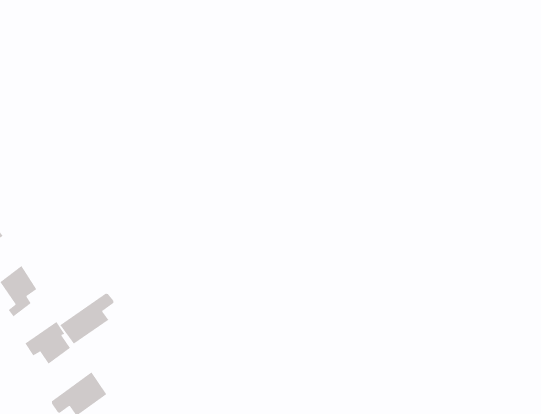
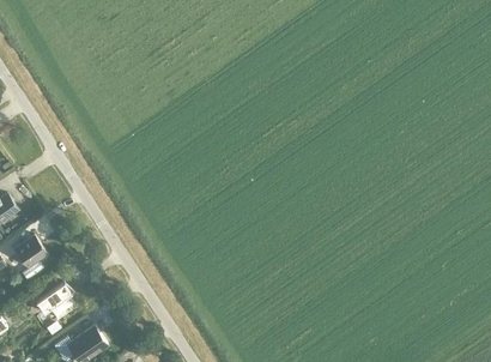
building: [59,293,114,345] -> none

